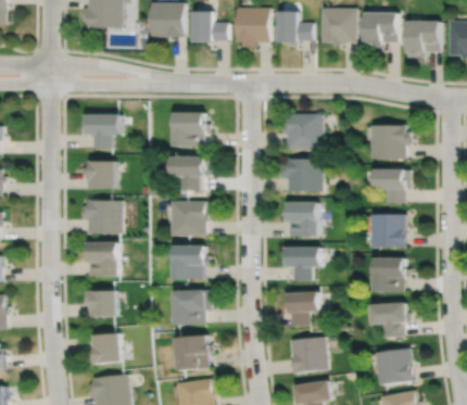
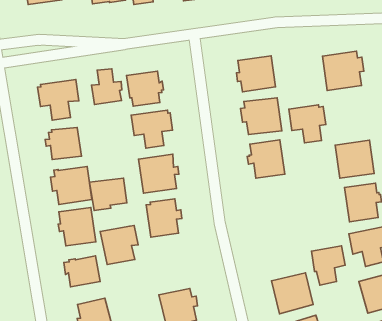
building: none -> [92,69,122,105]
building: [375,167,409,203] -> [289,105,326,143]
building: none -> [90,178,127,210]
building: [280,246,319,281] -> none
building: [174,290,210,325] -> [100,226,138,264]
building: [286,291,317,327] -> [312,246,345,285]

